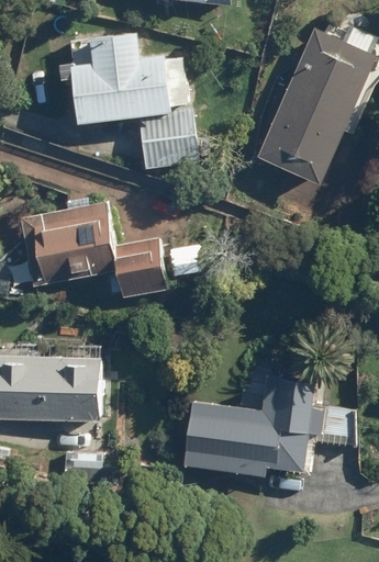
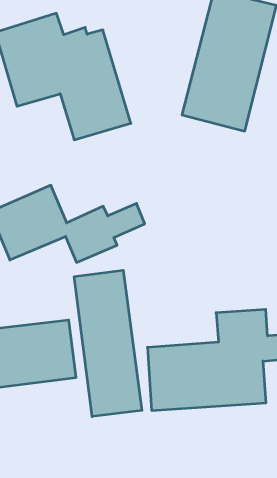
building: none -> [74,270,142,417]

